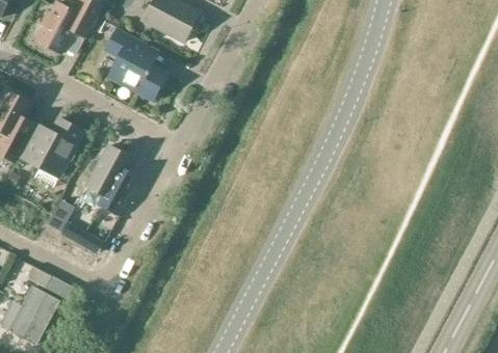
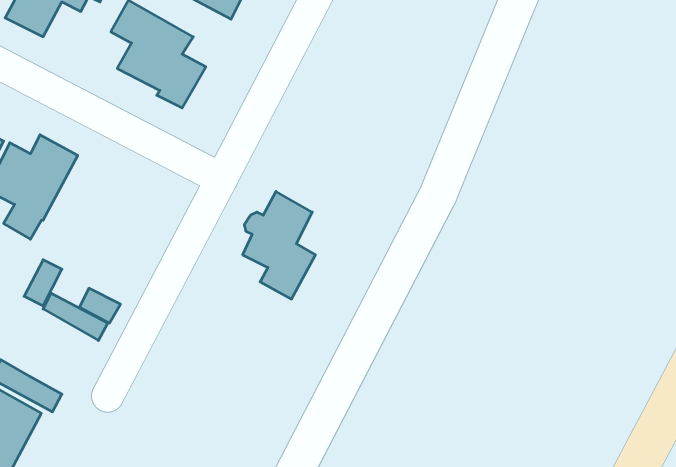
building: [85,144,133,215] -> [243,191,315,299]

